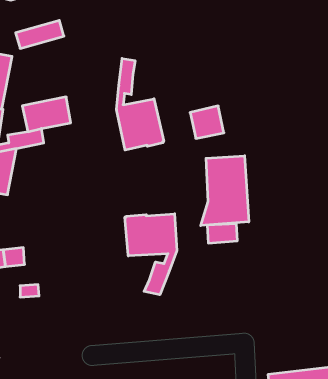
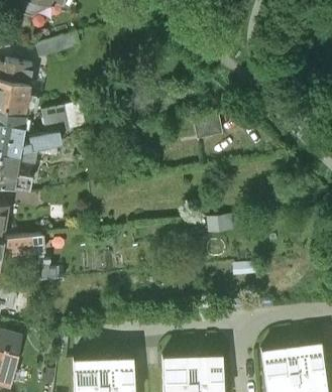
building: [117,58,164,150] -> none
building: [201,156,249,226] -> none
building: [125,214,177,295] -> none

